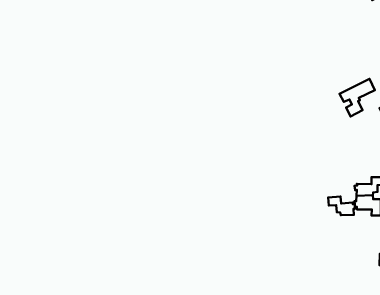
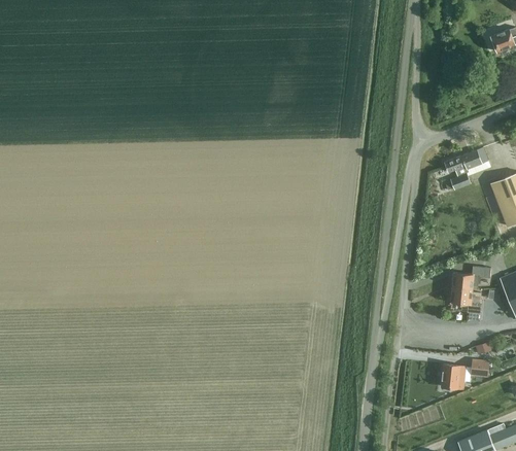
building: [328,196,355,215] -> none
building: none -> [442,363,466,389]

